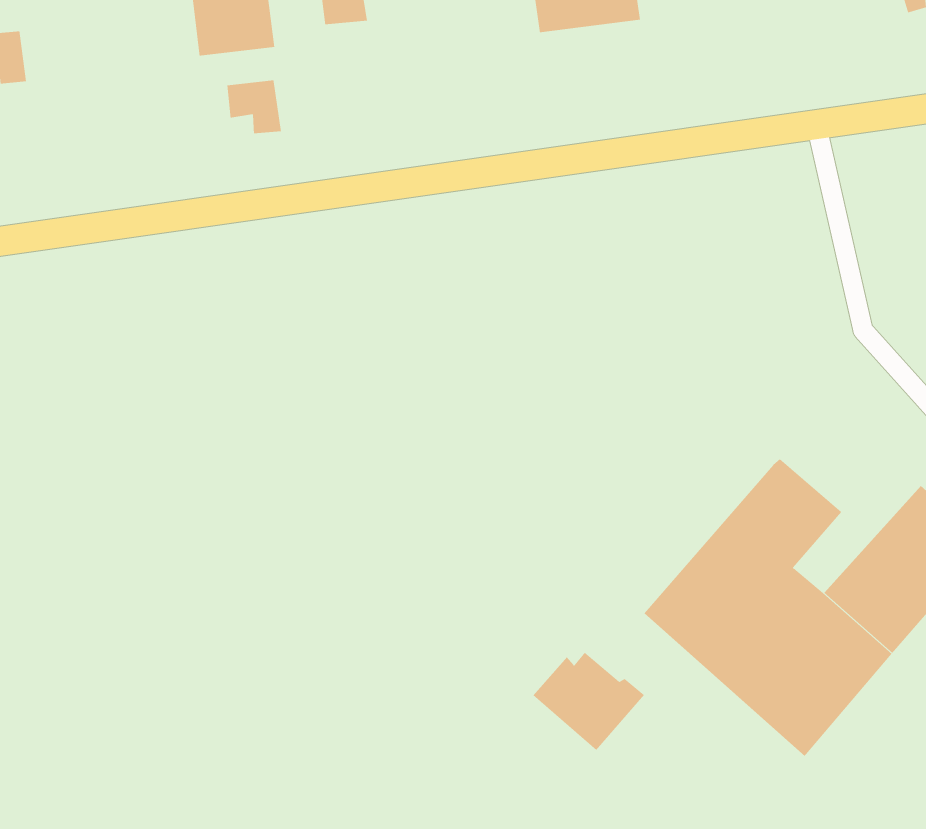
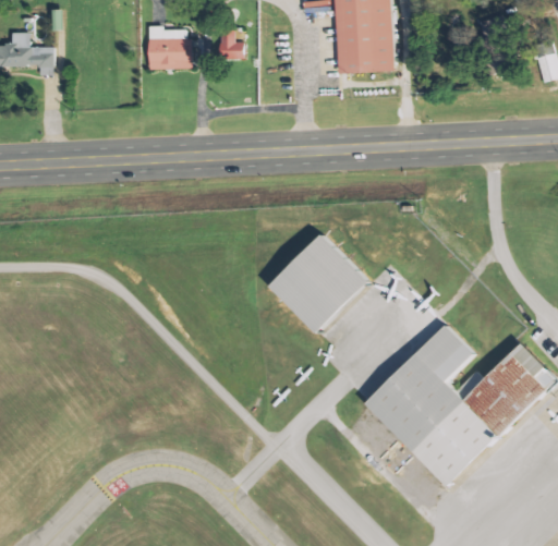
building: [227,79,281,134] -> none
building: none -> [271,232,371,330]
building: [532,652,645,751] -> none

